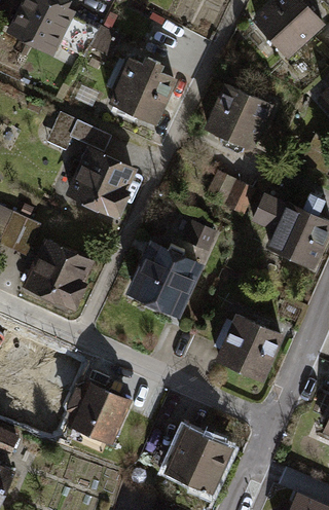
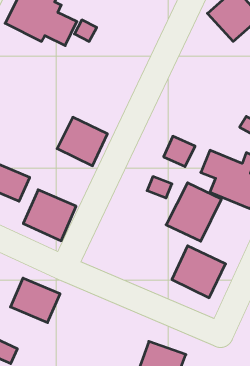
building: [110,56,175,124] -> none
building: [203,83,270,146] -> none
building: [47,112,105,147] -> none
building: [130,242,198,315] -> [166,183,221,241]
building: [66,385,127,440] -> [10,278,60,323]

